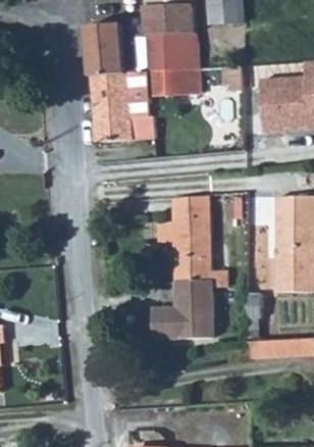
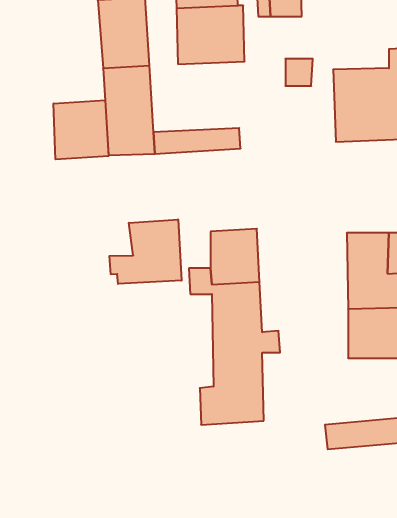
building: [146,69,197,102] -> none
building: none -> [54,100,109,159]
building: none -> [109,219,182,284]

